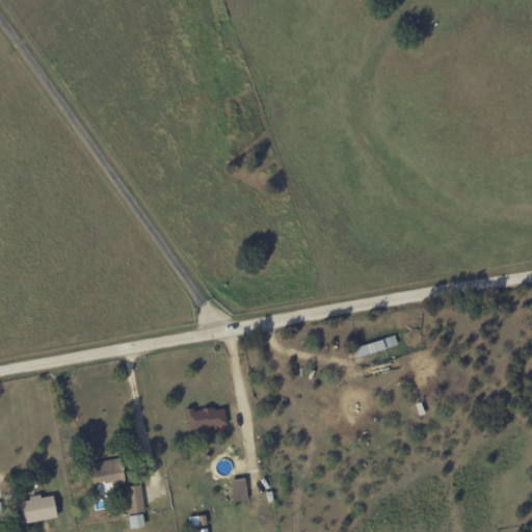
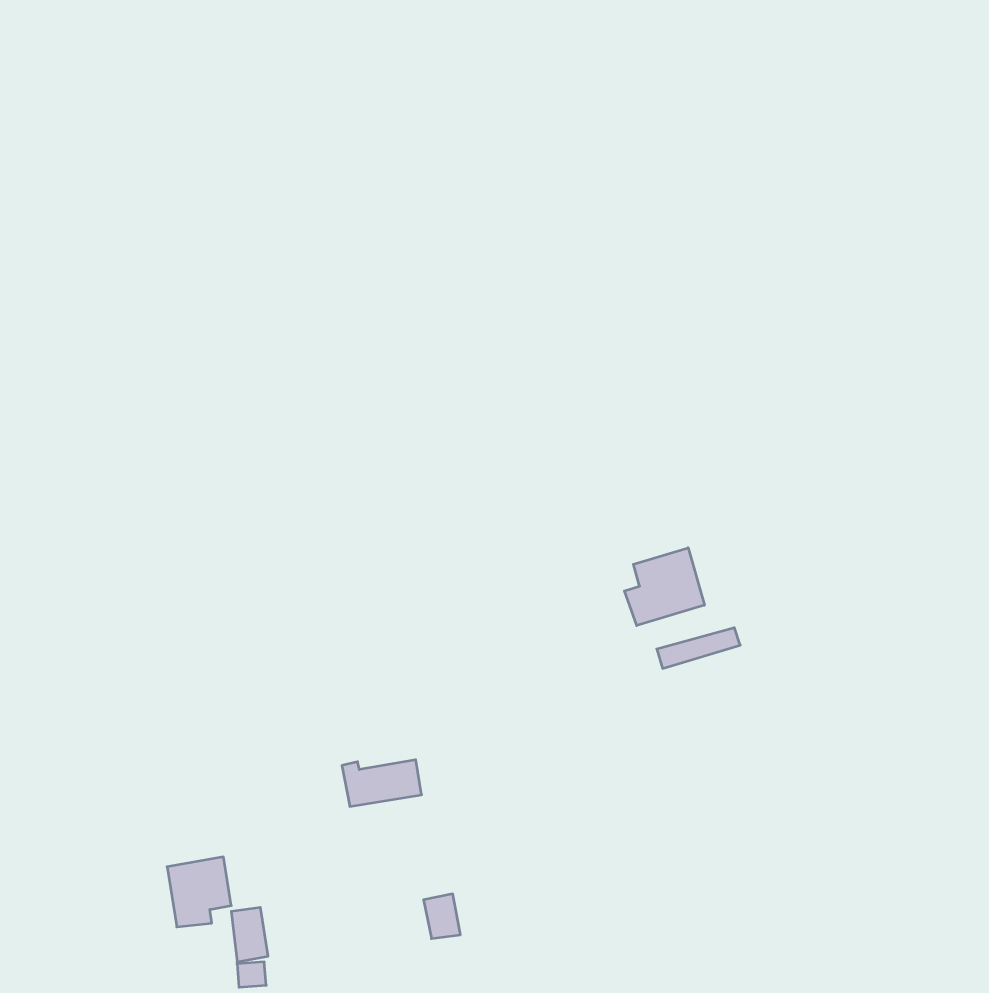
building: none -> [624,548,704,626]
building: [20,495,57,524] -> none

